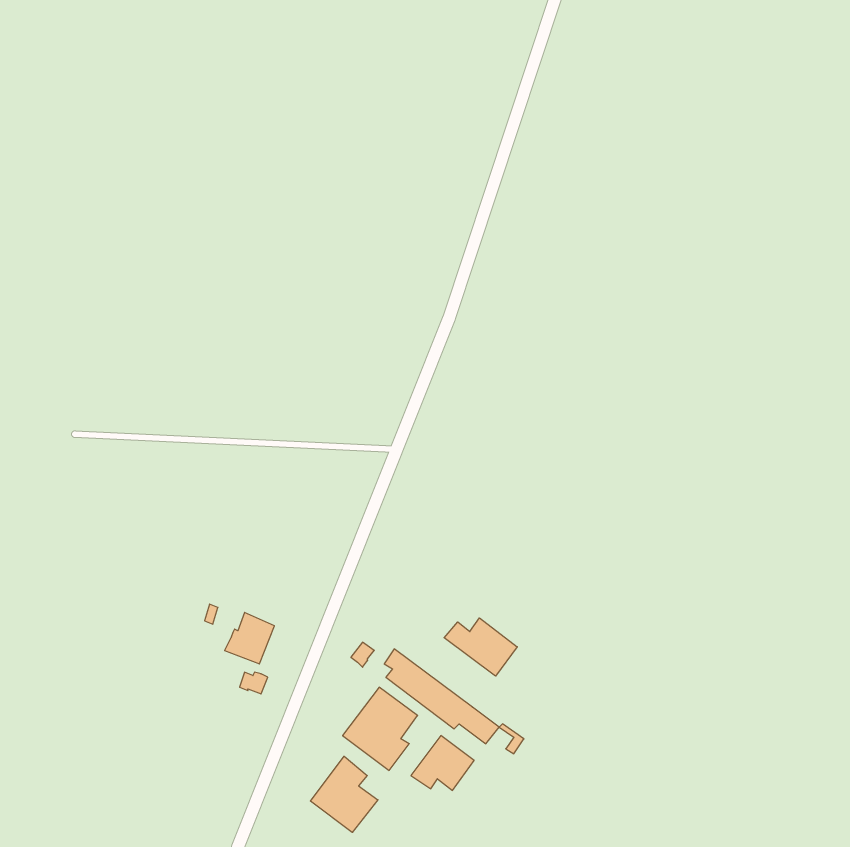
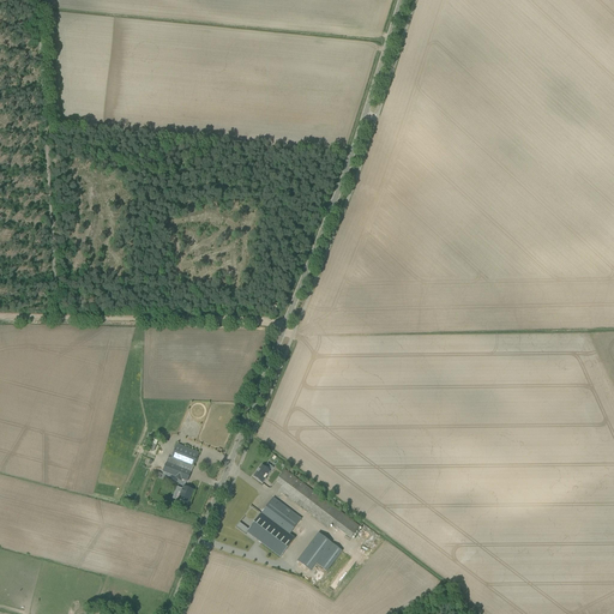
building: [444,618,517,676] -> none
building: [310,756,378,832] -> none

